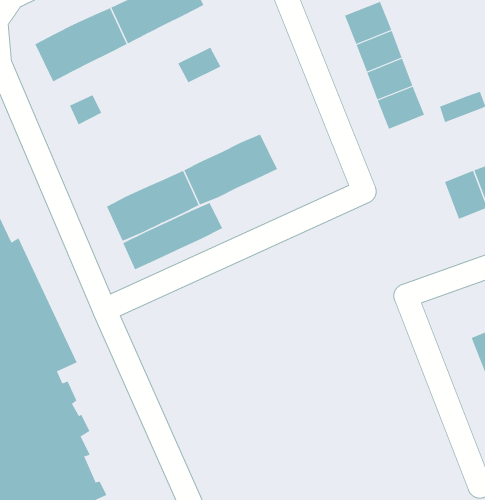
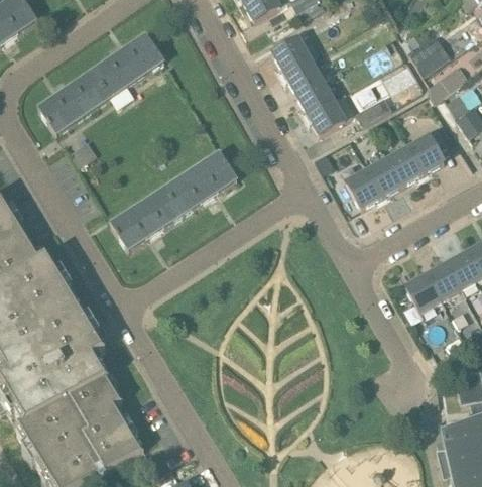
building: [178,47,221,83] -> none
building: none -> [345,169,382,209]
building: [123,202,223,270] -> none

